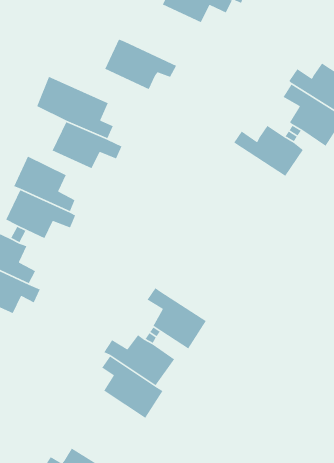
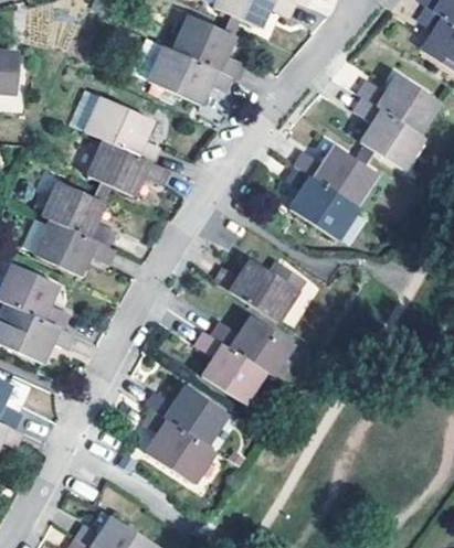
building: none -> [171,13,245,79]
building: none -> [286,165,359,239]
building: none -> [214,258,298,321]
building: none -> [212,315,293,374]

